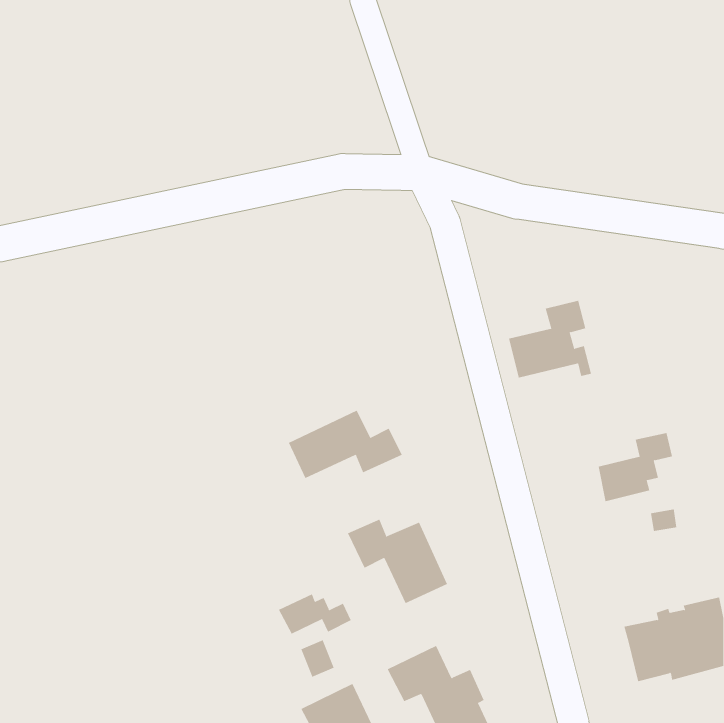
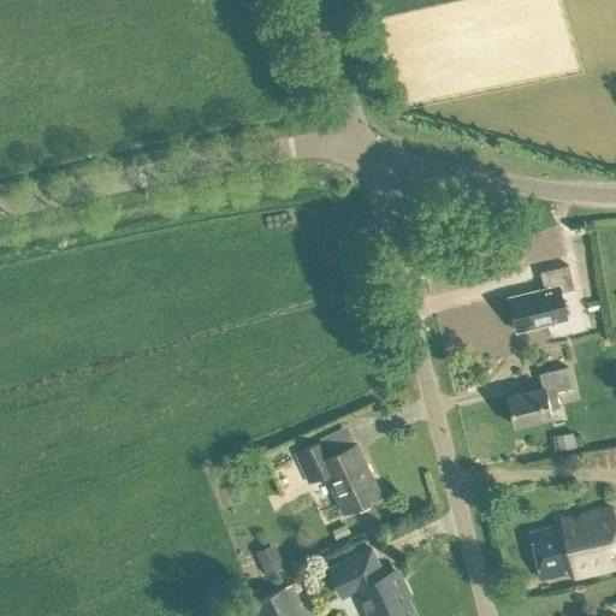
building: [508,300,592,378] -> [508,266,579,332]
building: [288,410,403,479] -> none
building: [278,594,352,635] -> none

